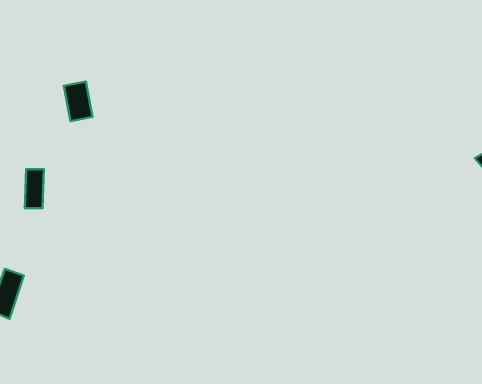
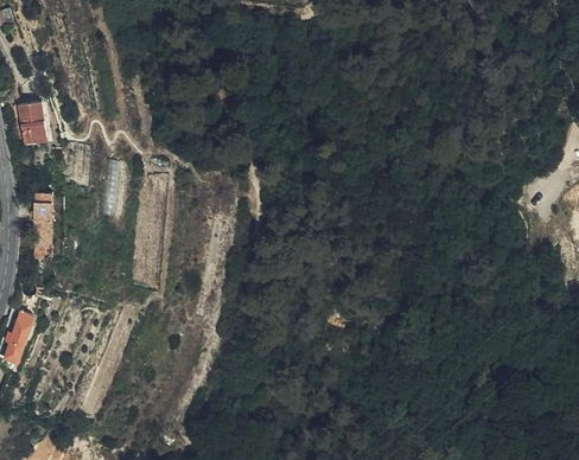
building: [64,81,93,121] -> [17,102,47,145]

